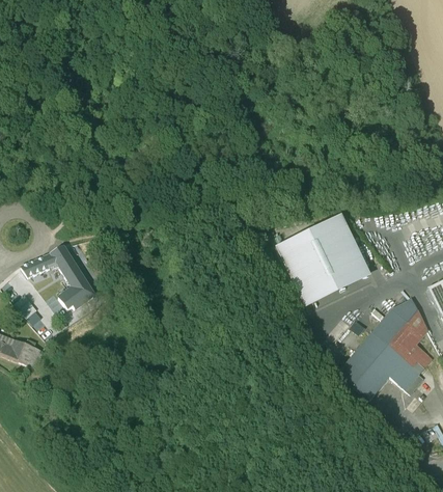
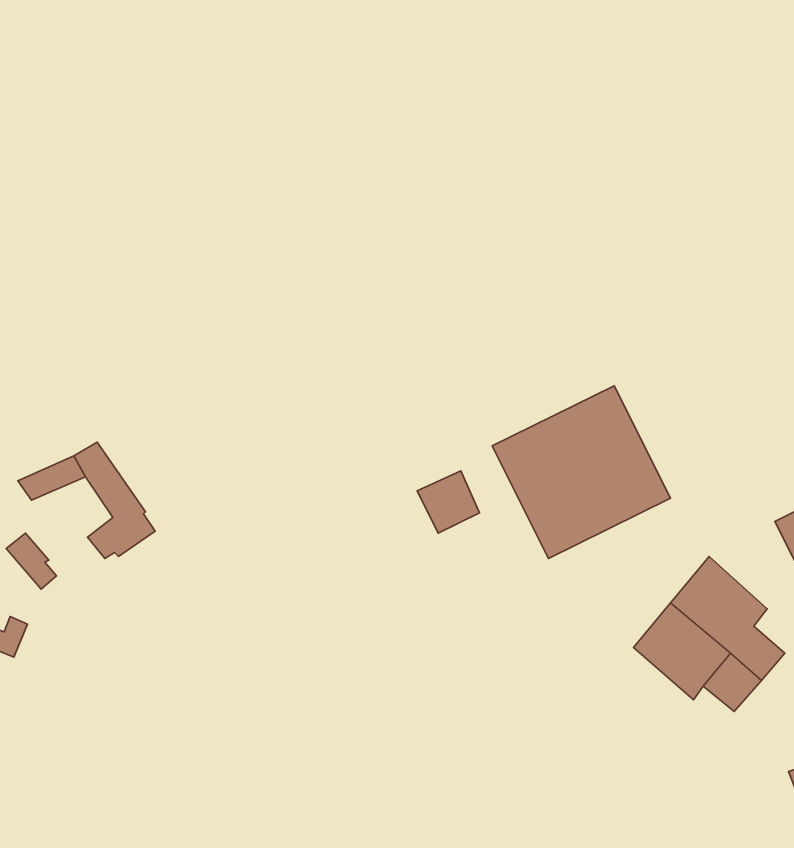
building: none -> [417,471,480,533]
building: [391,298,427,334] -> none
building: [338,355,383,400] -> none

